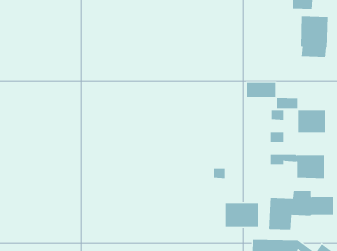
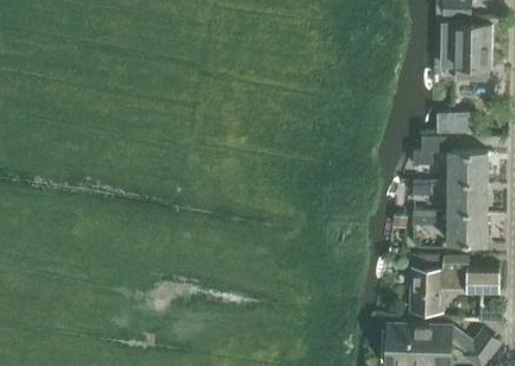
building: [246,82,276,97] -> [438,112,478,132]
building: none -> [450,181,489,210]
building: [225,203,258,227] -> none

